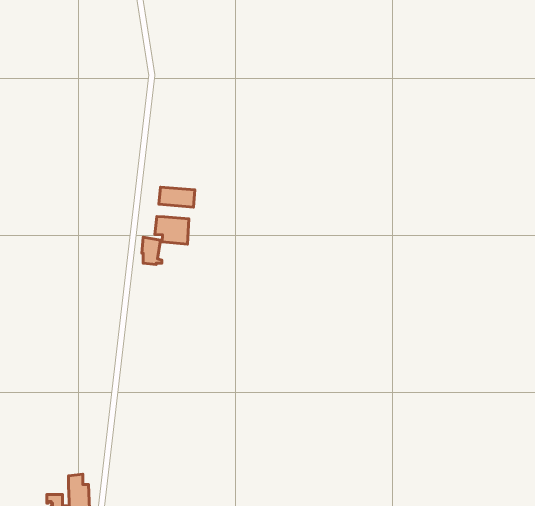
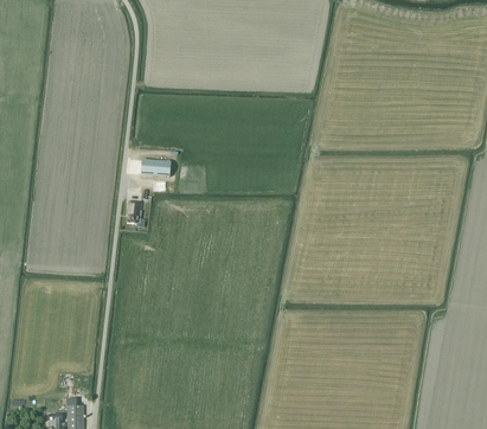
building: [155,217,189,244] -> none

